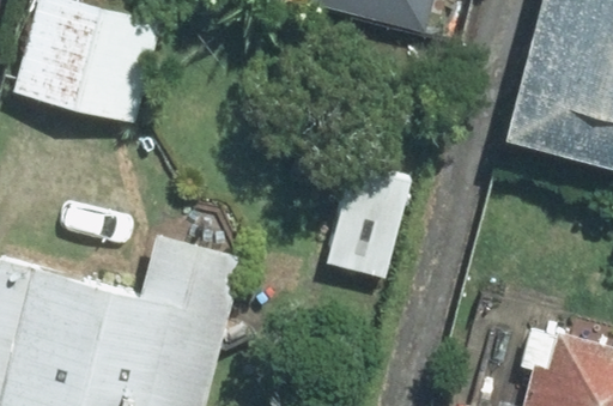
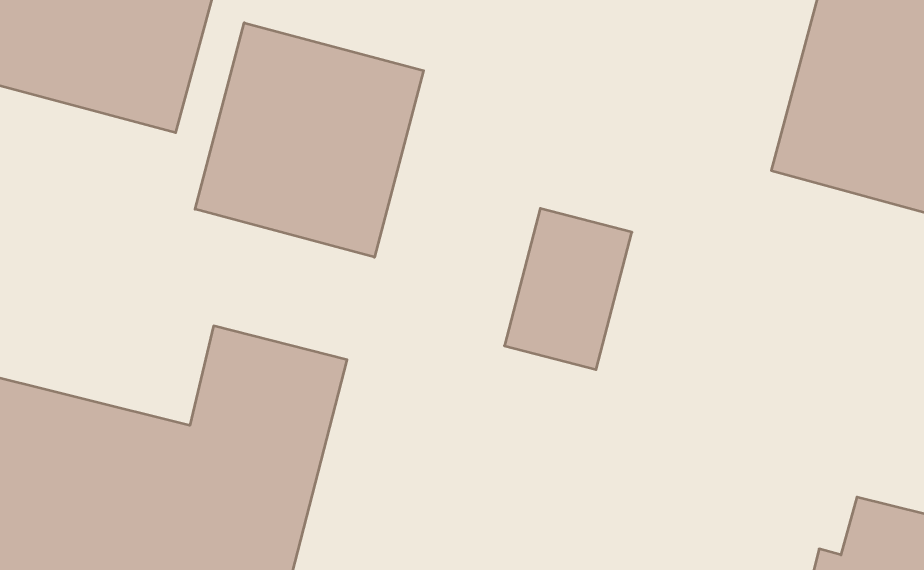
building: none -> [195,23,424,257]

